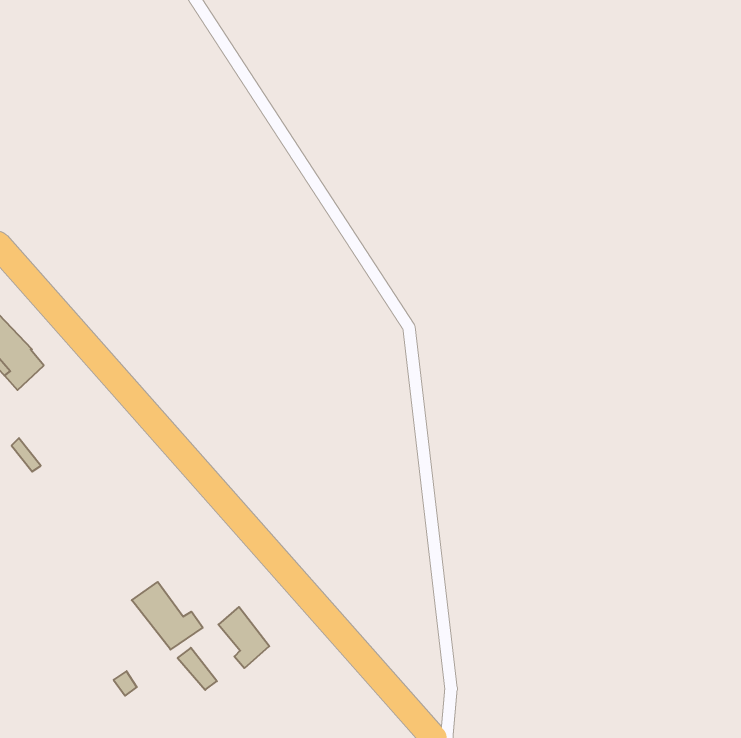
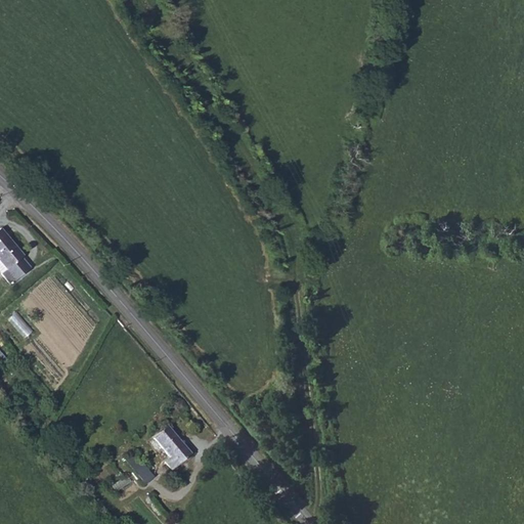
building: [132,582,203,650] -> none

